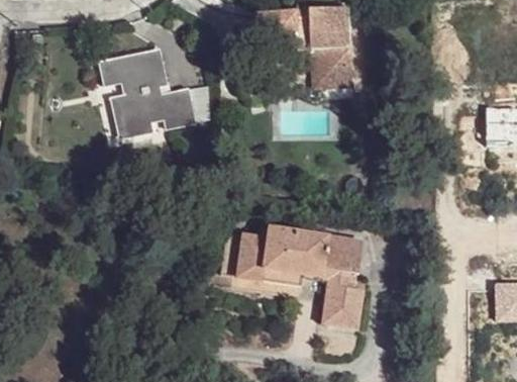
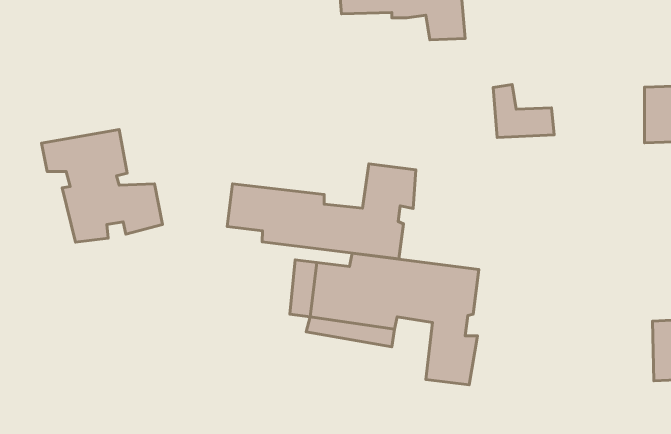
building: [310,50,355,89] -> [493,85,554,138]
building: [102,51,192,134] -> [42,130,163,242]
building: none -> [227,164,416,259]

